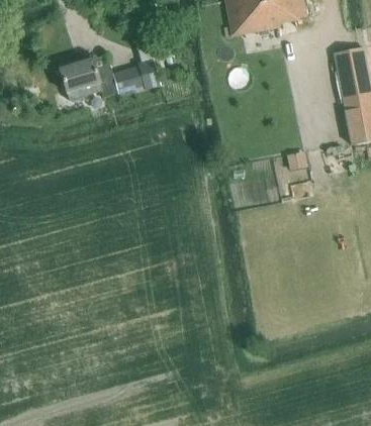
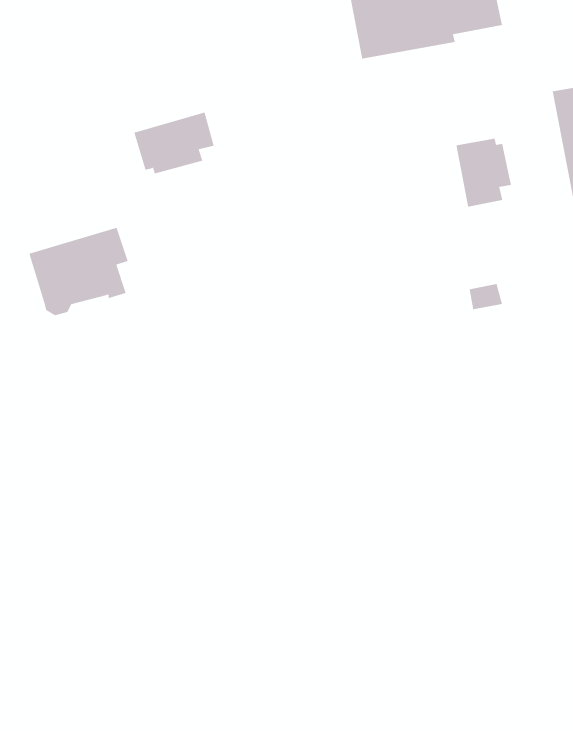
building: [60,54,113,101] -> [29,227,128,316]
building: none -> [456,138,512,208]

